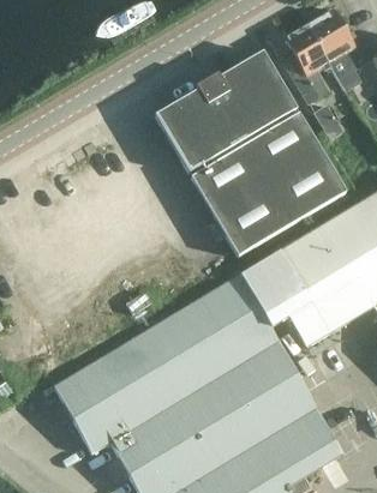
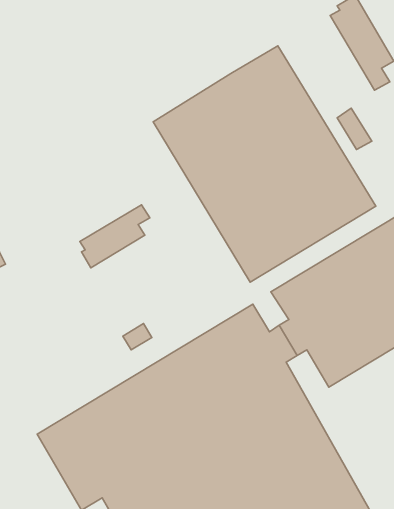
building: [282,23,347,102] -> none
building: none -> [80,205,150,268]

